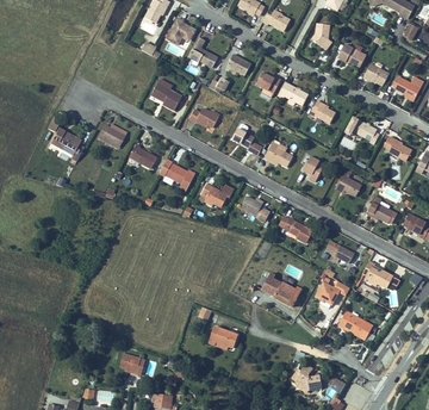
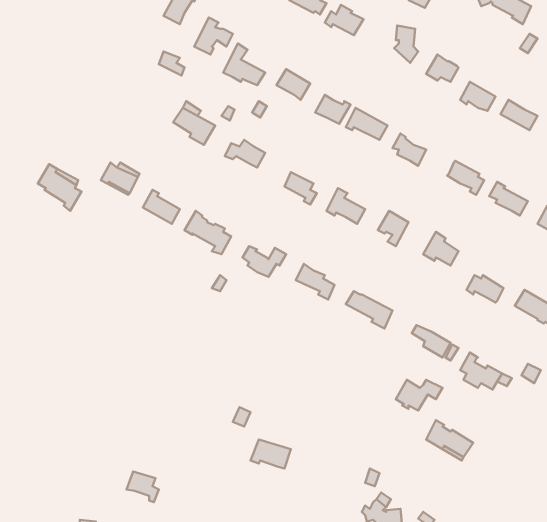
building: [260,273,299,308] -> none

